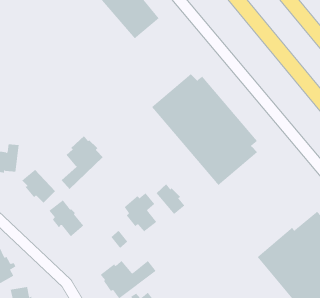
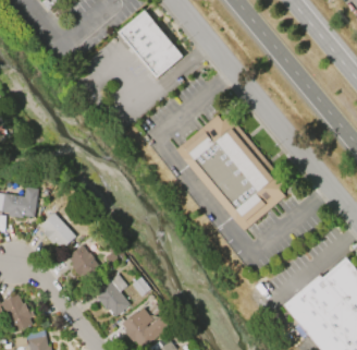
building: [61,136,104,190] -> none
building: [156,183,185,215] -> none
building: [124,192,157,232] -> [95,273,130,314]

